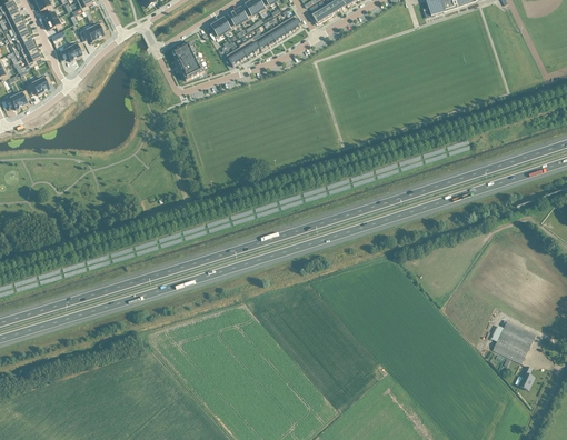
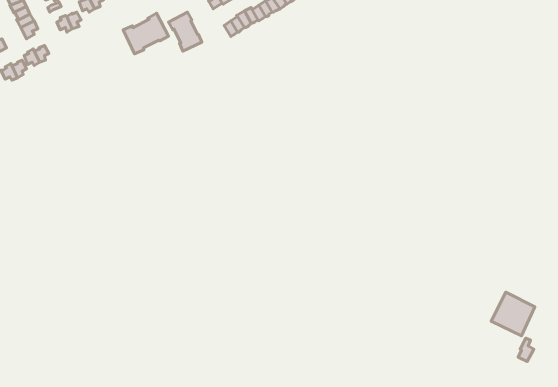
building: none -> [123,13,168,54]

